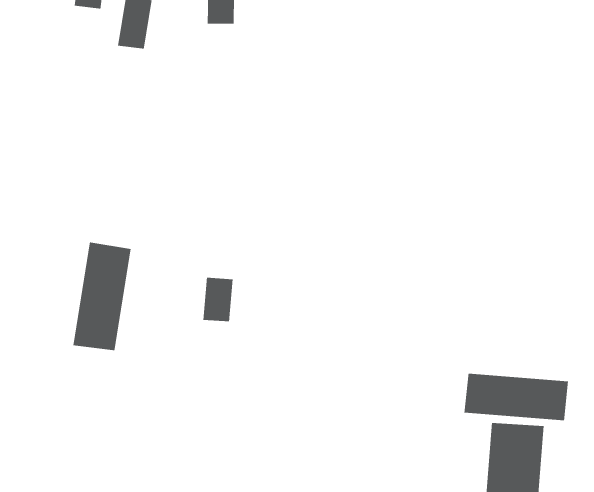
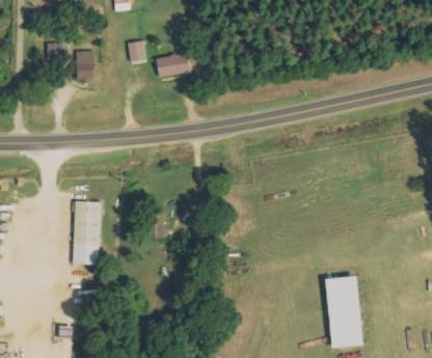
building: none -> [156,52,189,76]
building: [464,373,569,421] -> none

